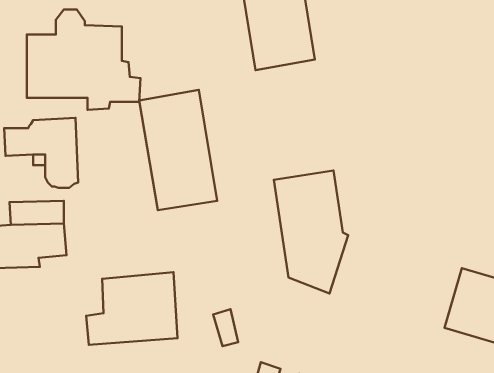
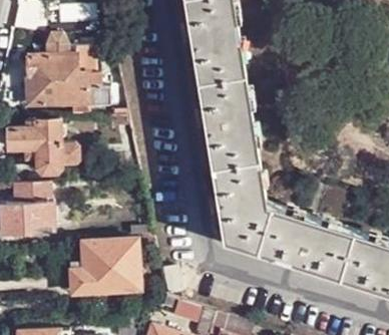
building: [139,90,217,210] -> [198,78,257,170]
building: none -> [254,212,354,282]

